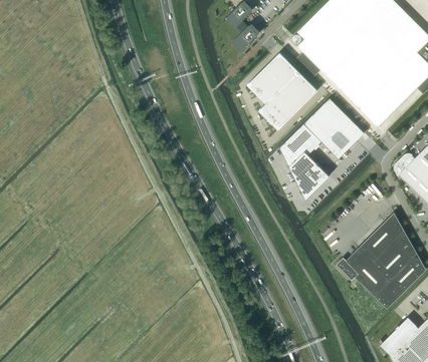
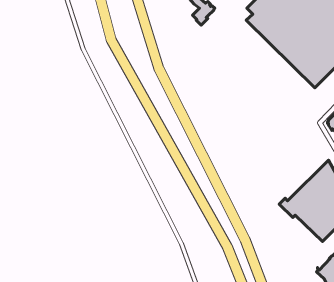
building: [247,52,317,129] -> none
building: [279,97,364,200] -> none

